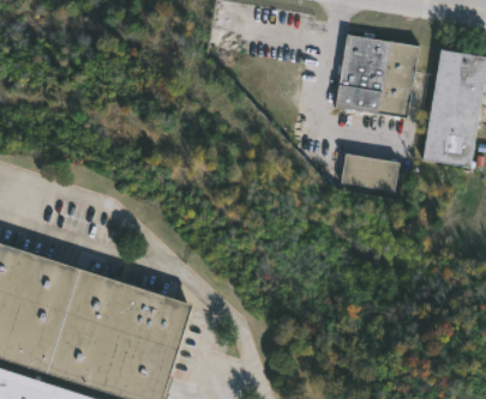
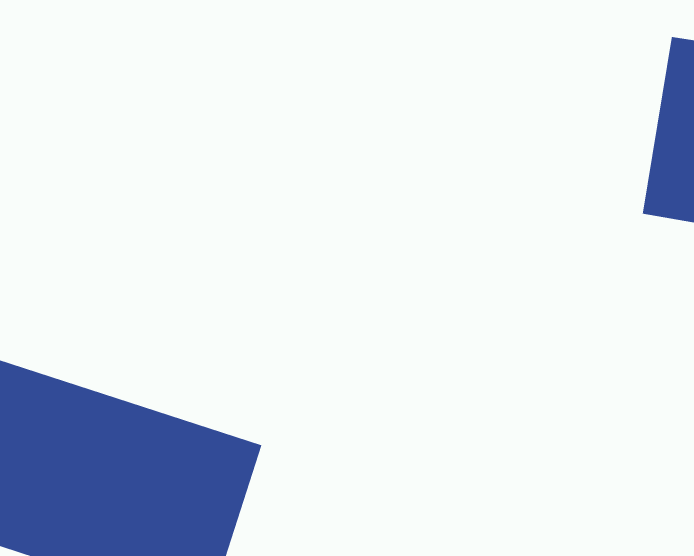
building: [336,36,420,120] -> none
building: [342,156,400,192] -> none

